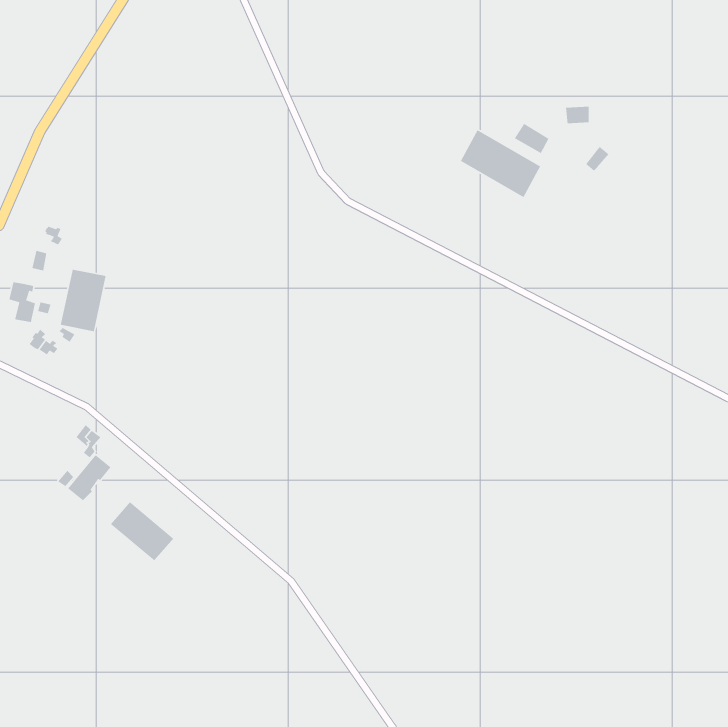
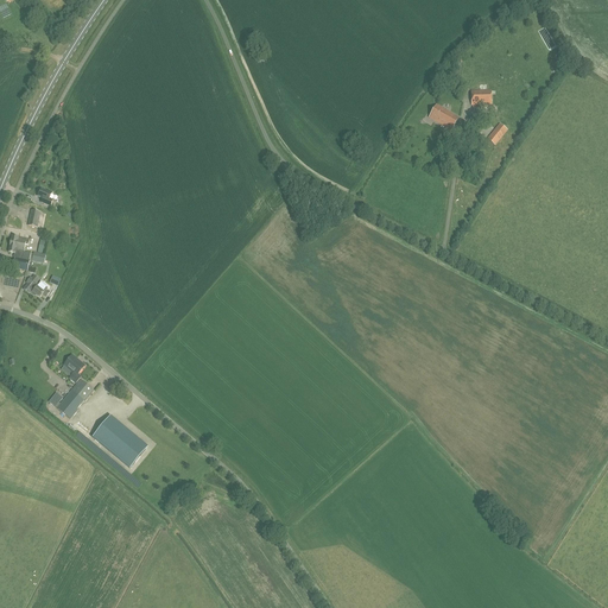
building: [460,129,541,198] -> none
building: [60,269,107,332] -> none

